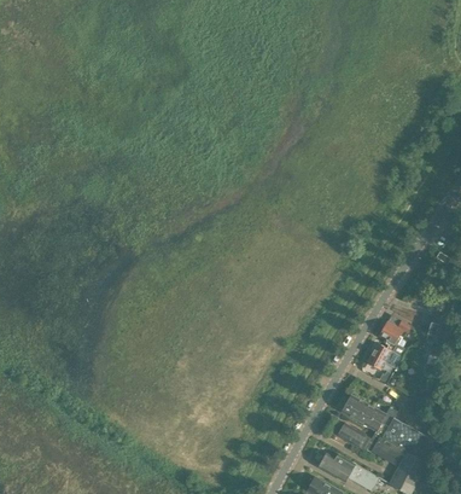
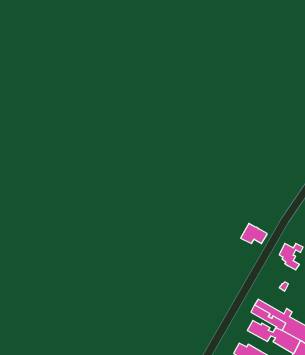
building: [366,343,401,370] -> [241,223,267,244]

